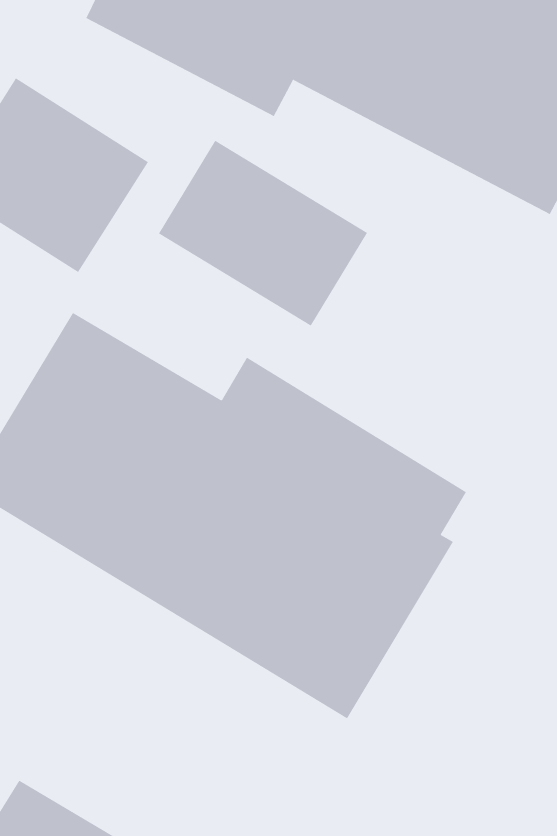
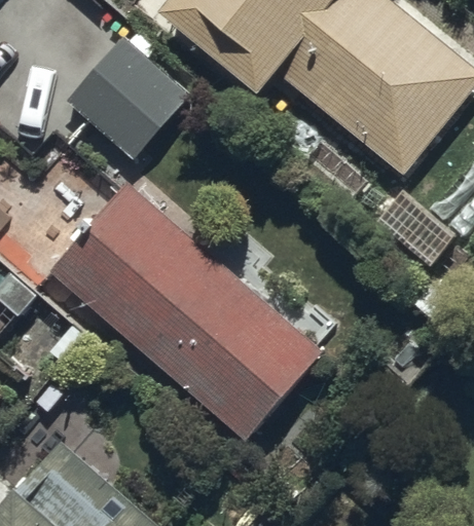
building: [158,140,368,326] -> none

